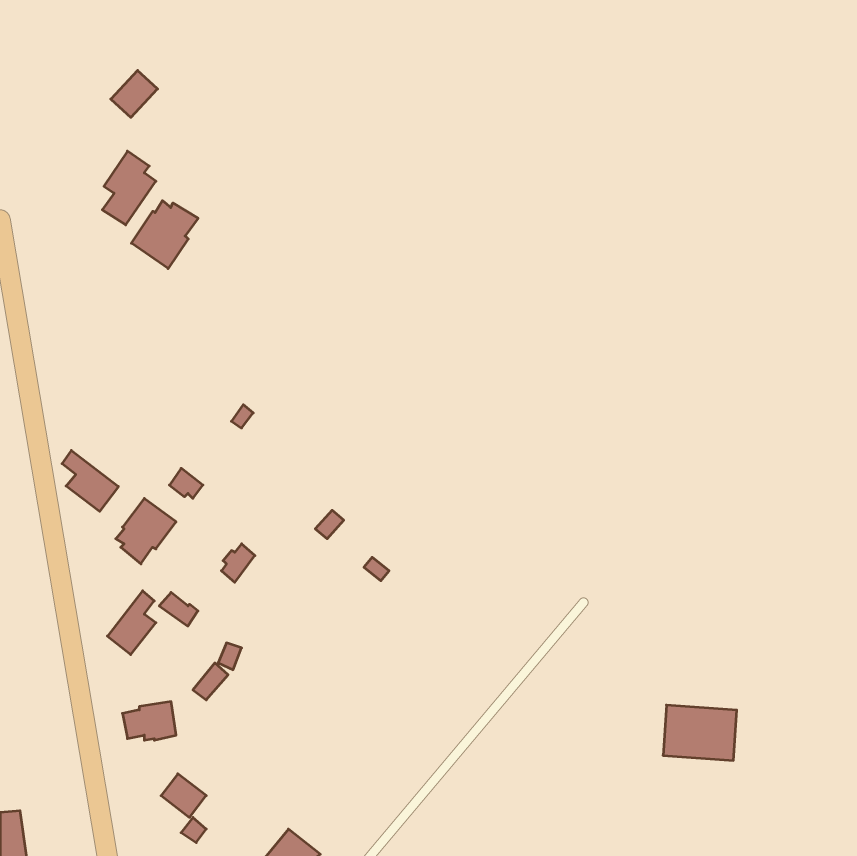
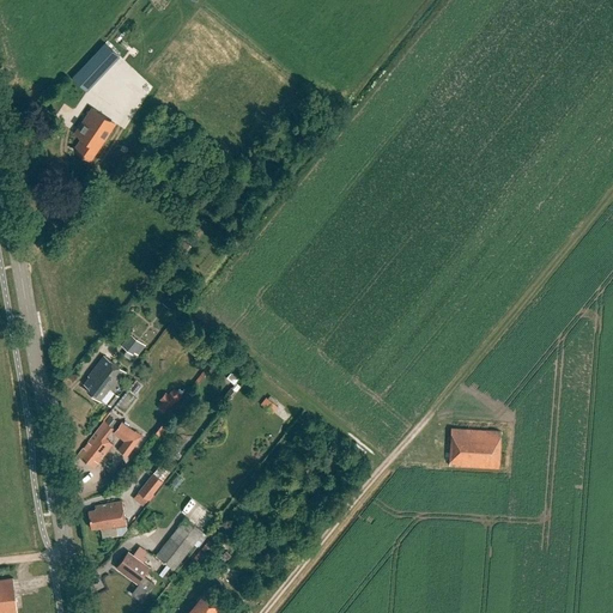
building: [131,201,198,269] -> none
building: [62,450,118,511] -> none
building: [663,705,737,760] -> [447,431,499,471]
building: none -> [156,520,204,571]

